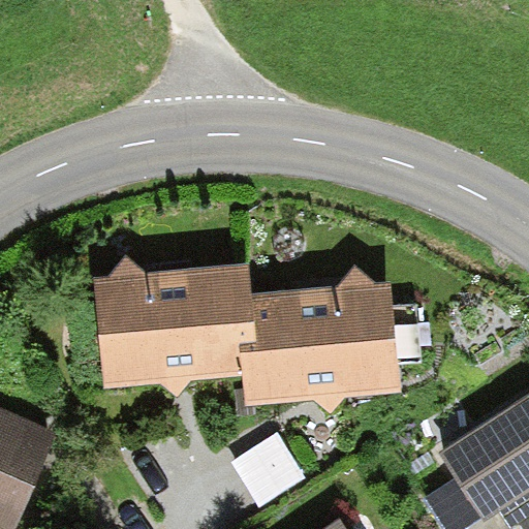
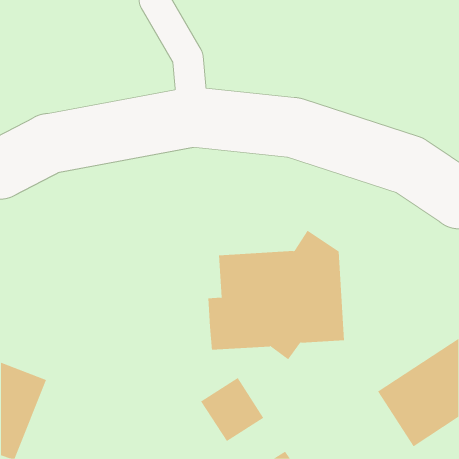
building: [95,256,254,397] -> none

